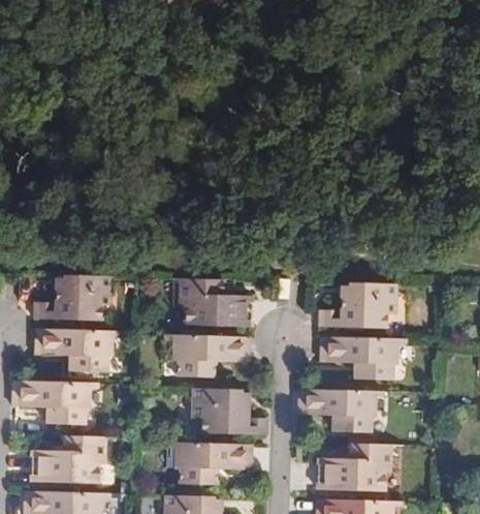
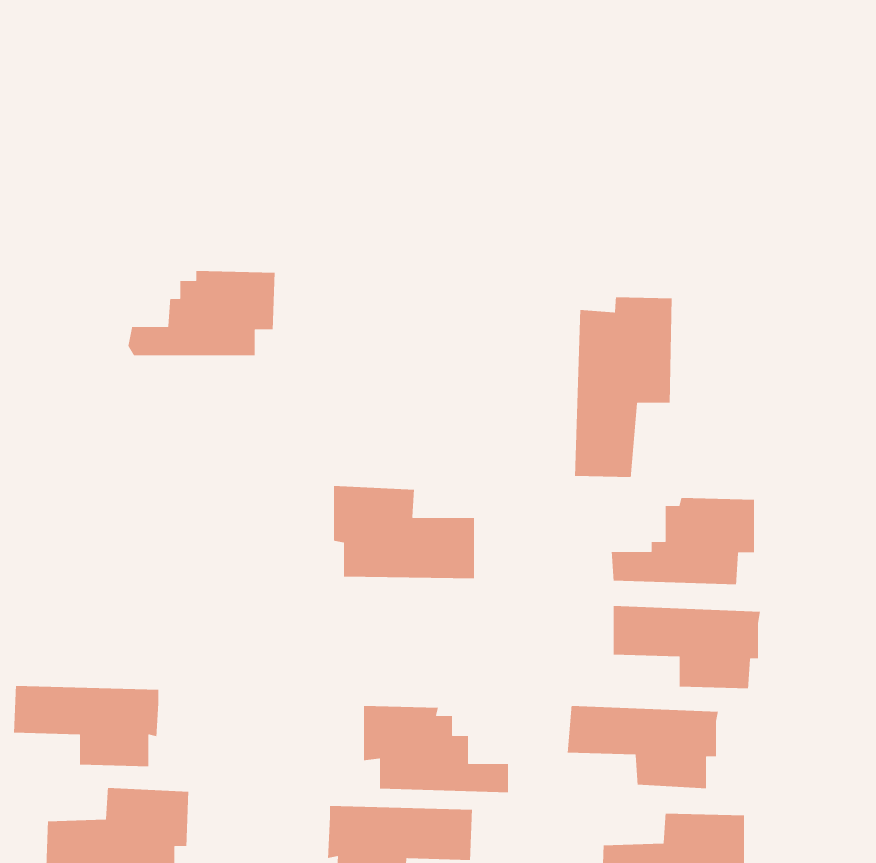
building: none -> [574,296,672,478]
building: [33,273,109,318] -> [127,270,275,356]
building: [38,328,114,370] -> none
building: [174,335,250,379] -> none

